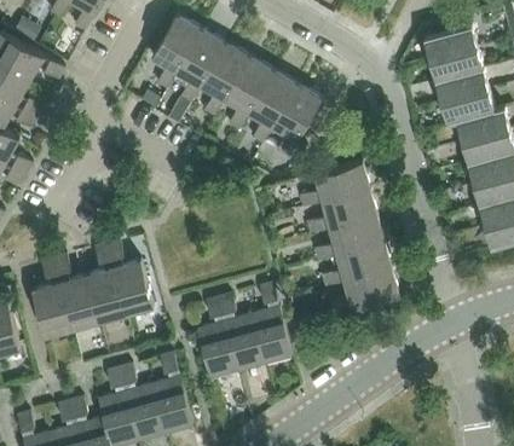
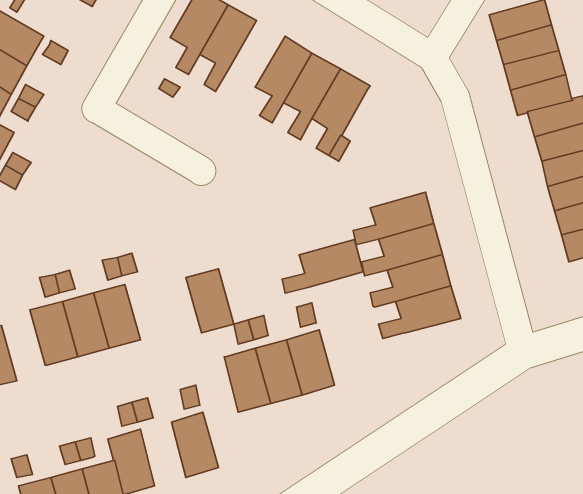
building: [201,42,249,116] -> none
building: [300,161,369,207] -> [282,239,363,293]
building: [112,260,154,314] -> [186,269,234,333]
building: [126,384,164,439] -> none

